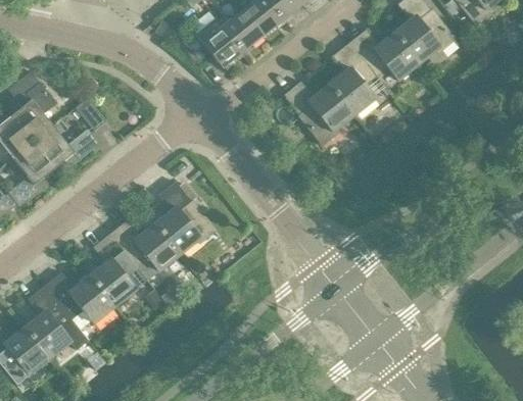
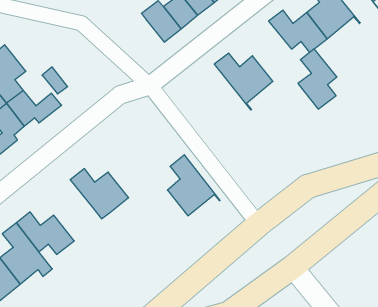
building: [329,42,376,114] -> [298,49,337,109]
building: [155,181,219,254] -> [167,155,220,216]
building: [90,233,147,306] -> none

